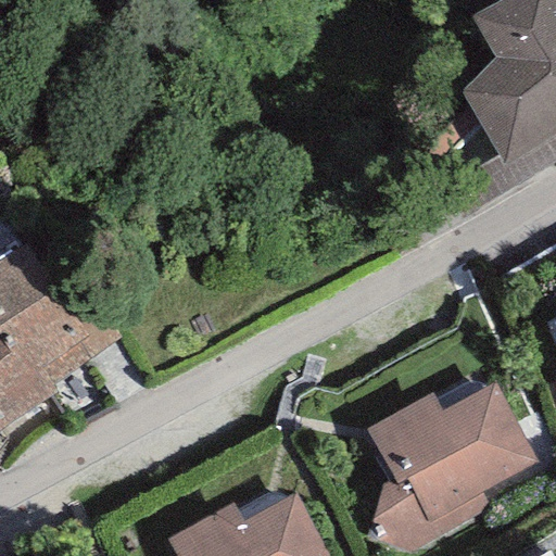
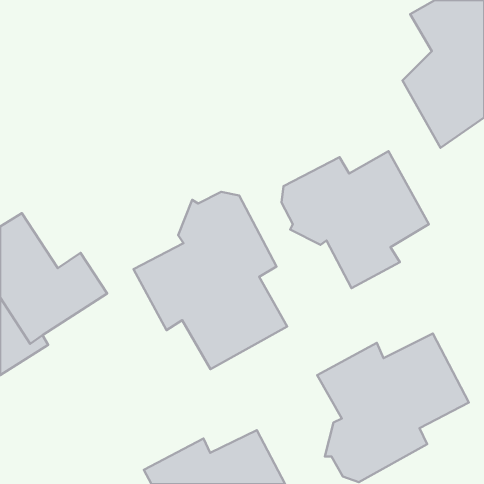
building: none -> [282,151,429,288]
building: none -> [133,192,287,369]

